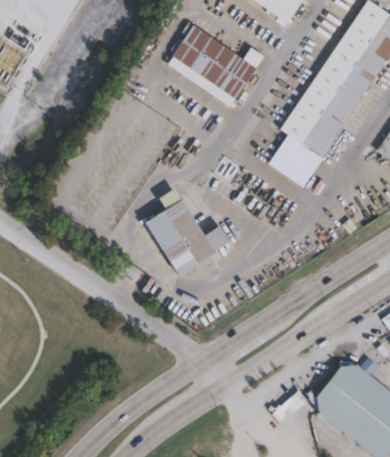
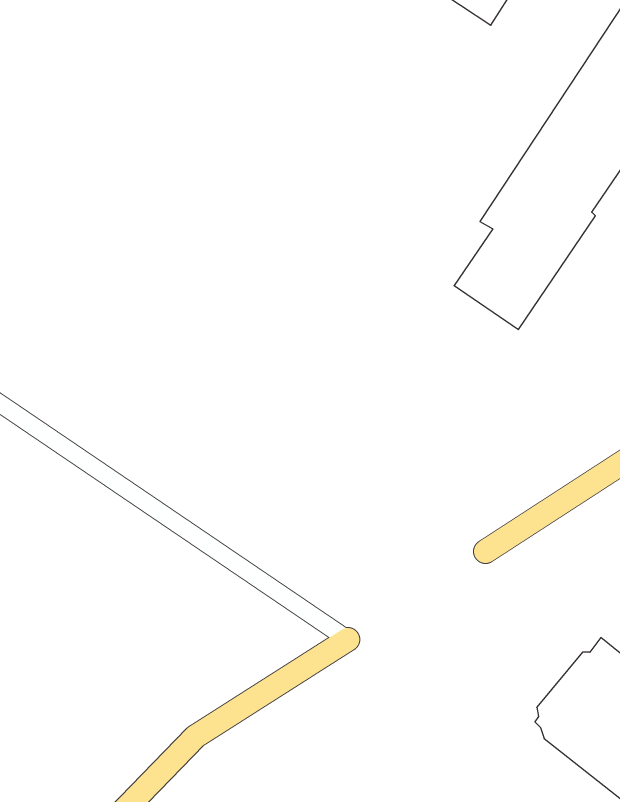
building: [173,26,256,99] -> none
building: [146,189,229,276] -> none

